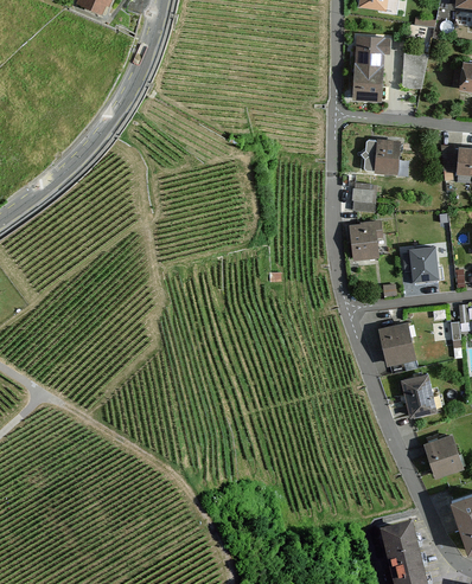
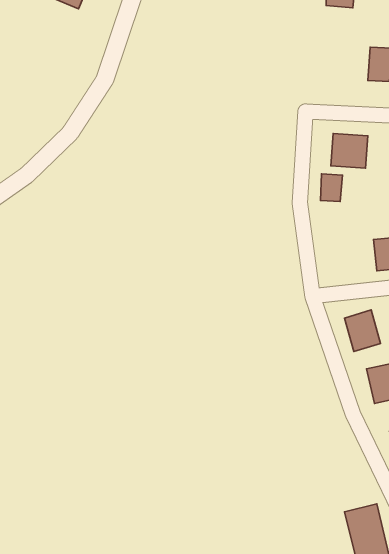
building: [352,36,393,102] -> none
building: [350,222,384,264] -> none

